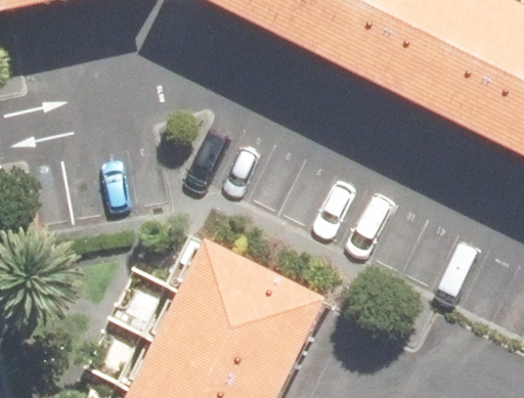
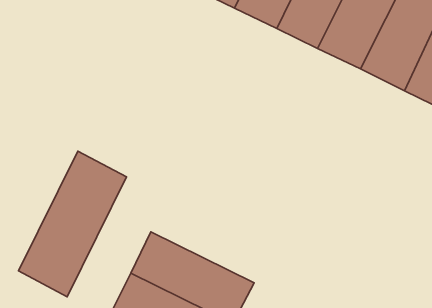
building: none -> [18,151,126,297]
building: [177,226,323,340] -> none

